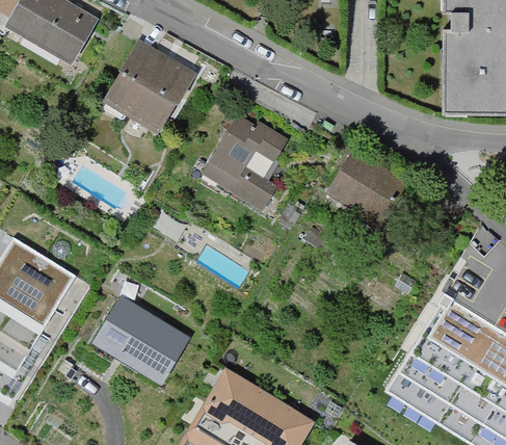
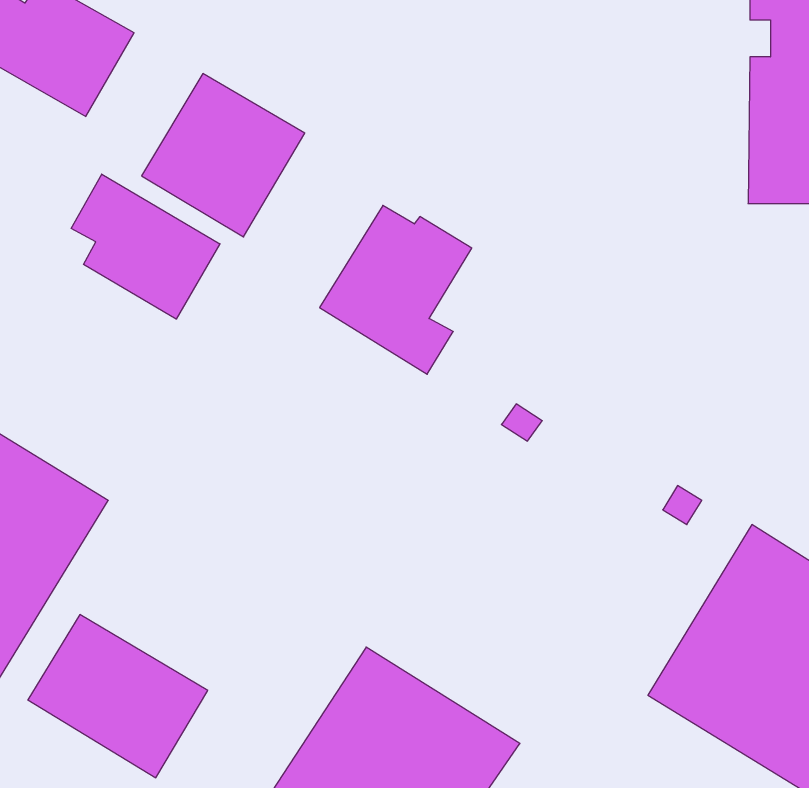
building: none -> [71,174,220,319]
building: [326,150,408,227] -> none
building: [91,294,192,386] -> [28,615,208,778]

